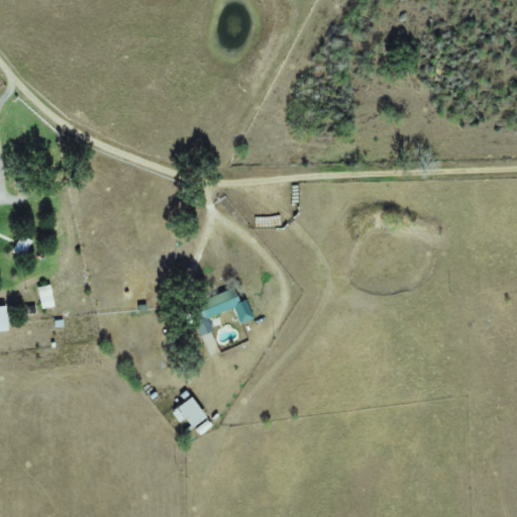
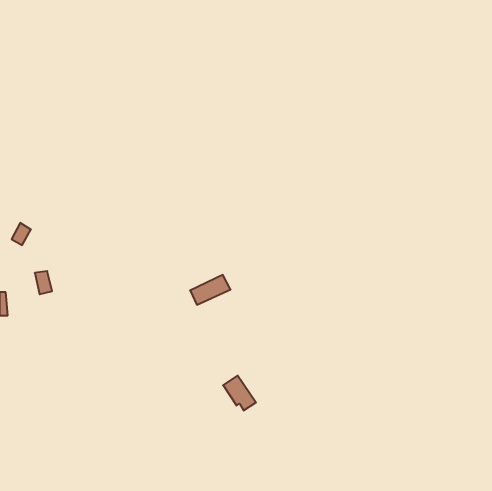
building: [178,397,212,433] -> [223,376,256,410]

